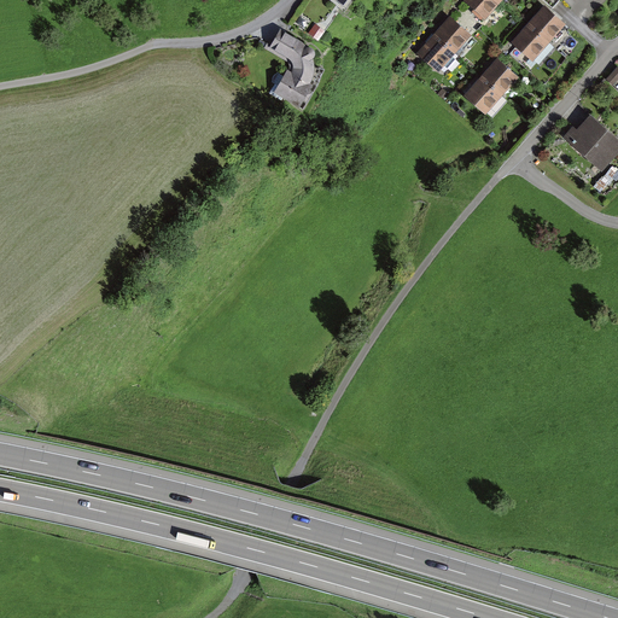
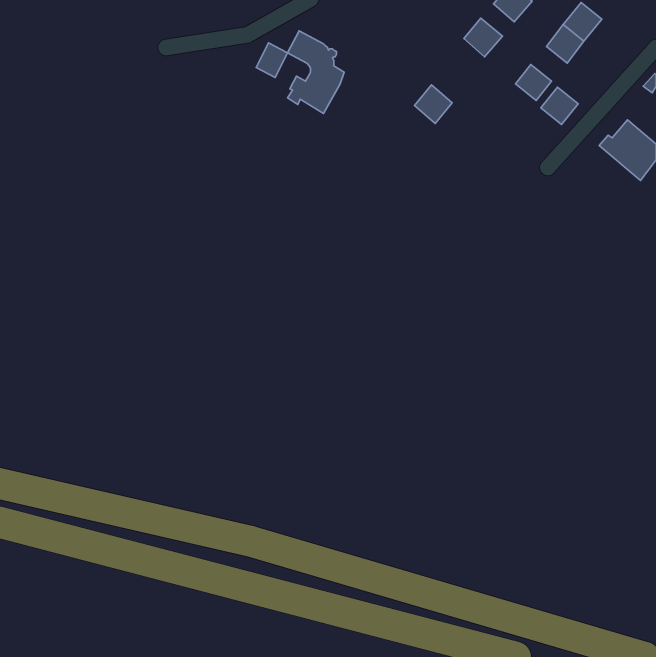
building: [419,36,454,72] -> [415,85,452,124]
building: none -> [256,43,287,77]
building: [467,78,502,113] -> [541,87,578,124]

